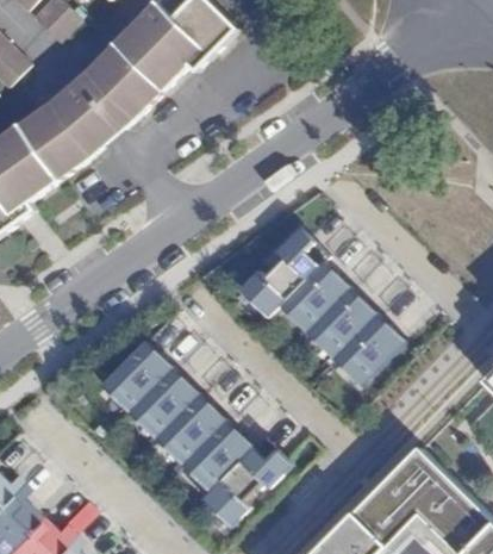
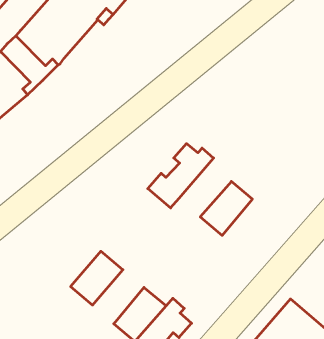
building: [279,260,349,330] -> none
building: [332,311,405,385] -> none
building: [101,340,171,411] -> none
building: [156,393,225,463] -> none

